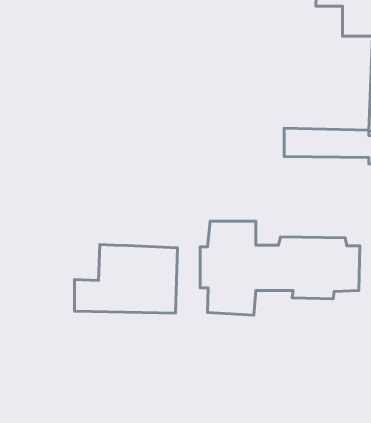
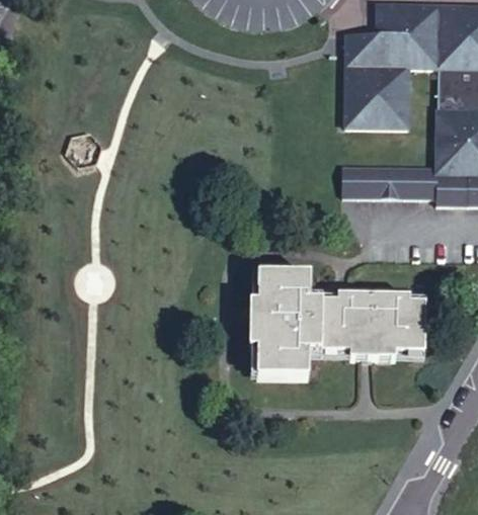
building: none -> [347,31,407,126]
building: [74,244,178,313] -> none

